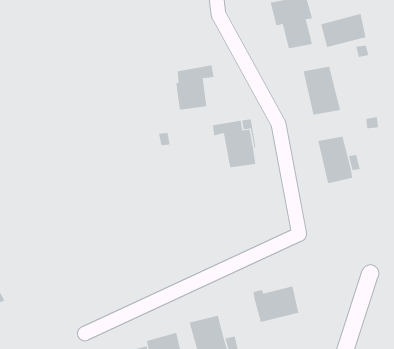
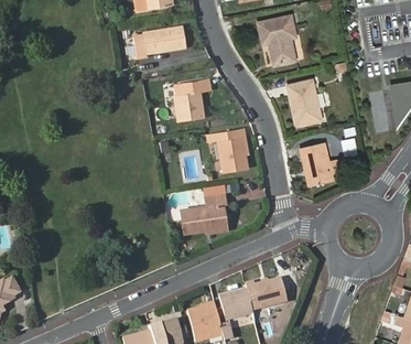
building: none -> [133,26,185,57]
building: [321,13,366,48] -> none
building: none -> [181,195,226,233]
building: none -> [218,290,251,321]

